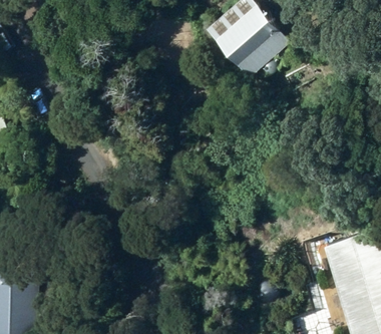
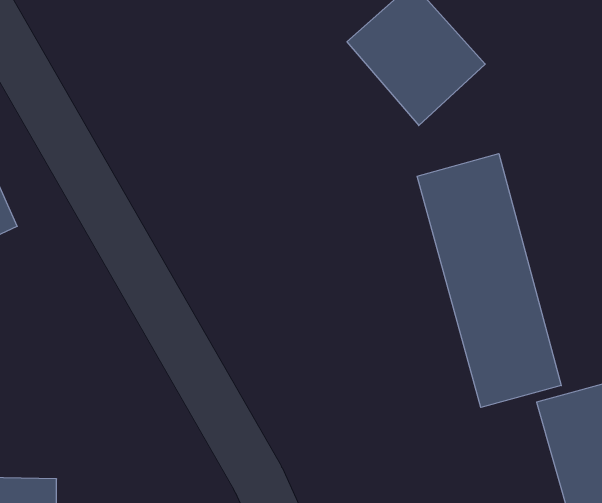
building: none -> [417,154,561,407]

